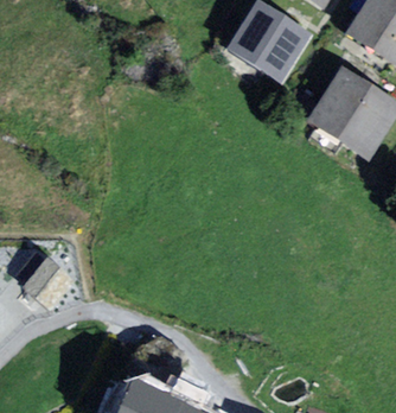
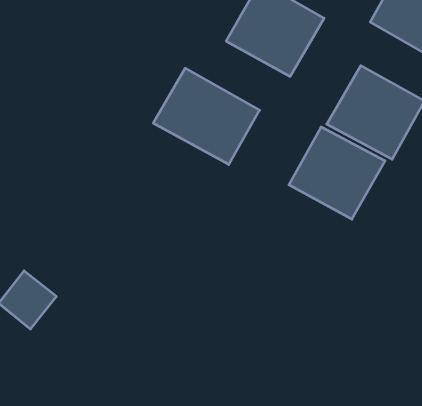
building: none -> [153,68,260,165]
building: none -> [289,127,385,219]

